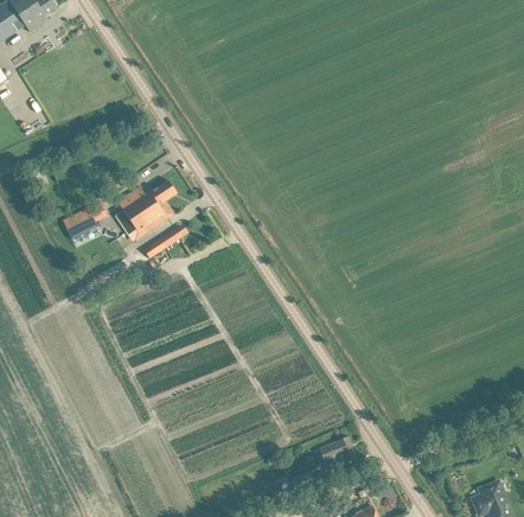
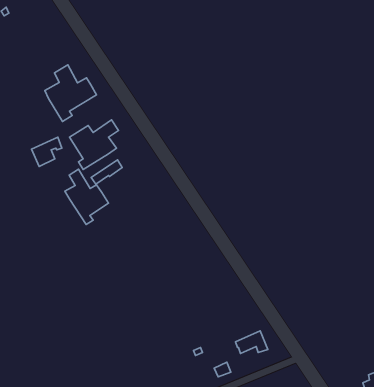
building: none -> [45,65,97,121]
building: none -> [65,169,109,225]

